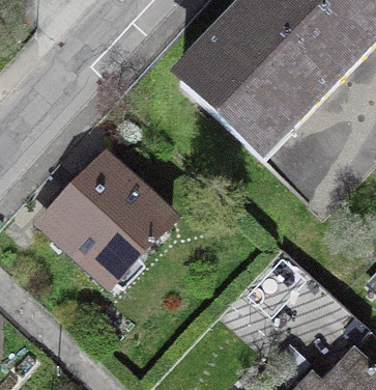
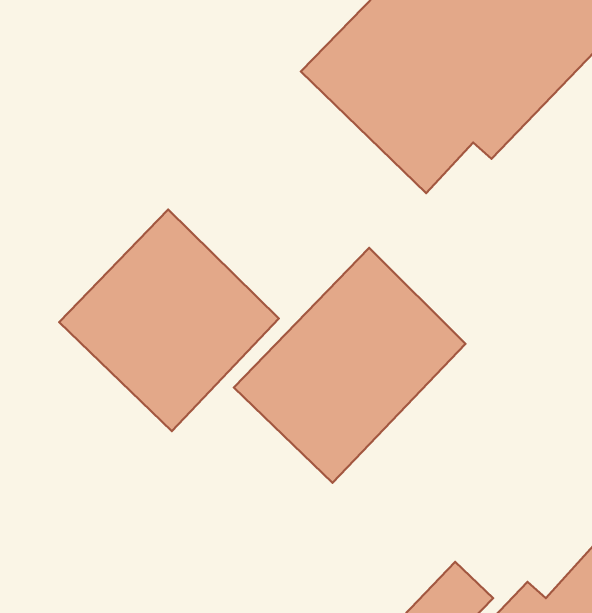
building: none -> [234,248,466,483]

